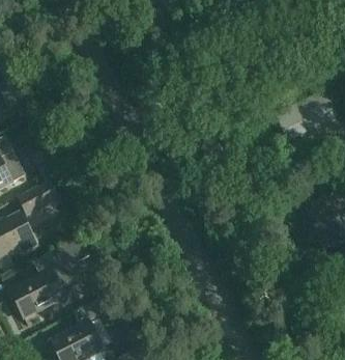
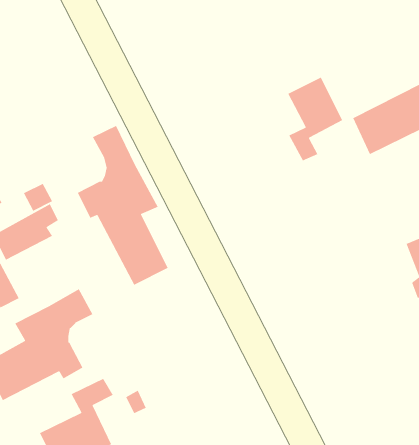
building: none -> [287,77,343,162]
building: none -> [77,125,169,286]

